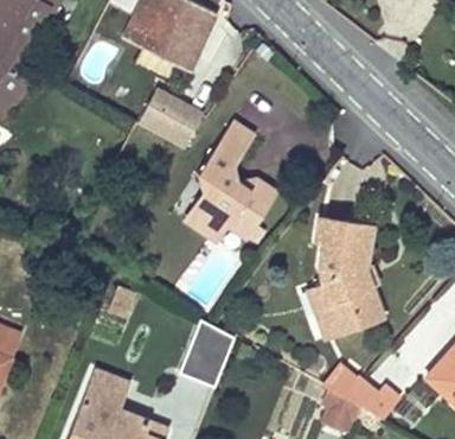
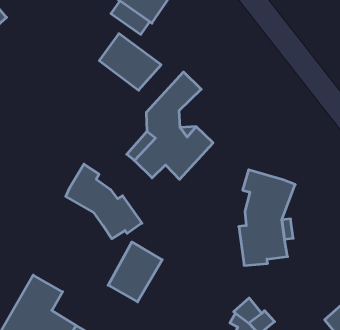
building: none -> [66,164,142,239]
building: [307,285,379,339] -> none

